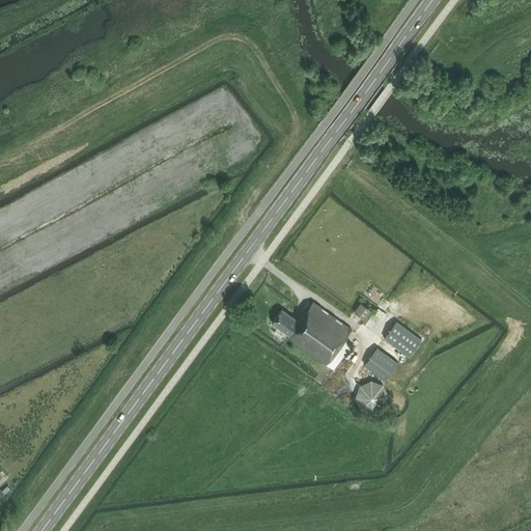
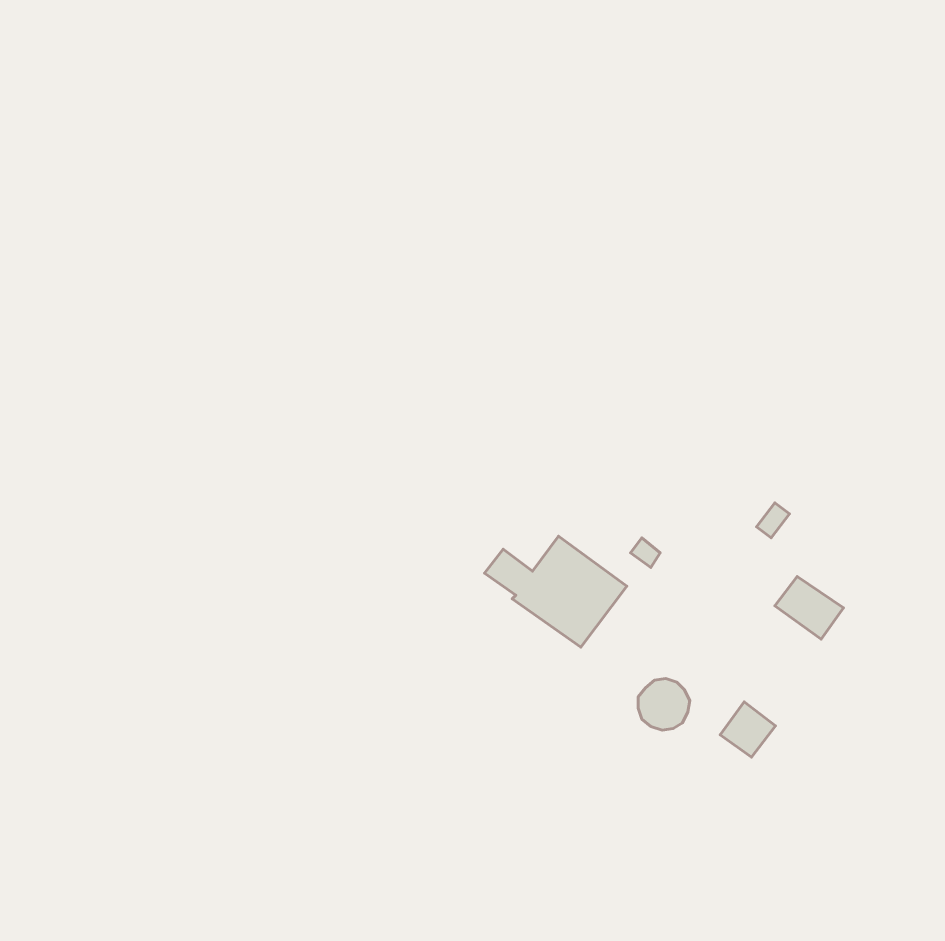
building: [384,323,422,358] -> [775,576,843,639]
building: [364,348,395,380] -> [720,702,776,757]

